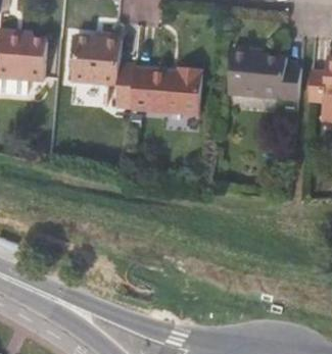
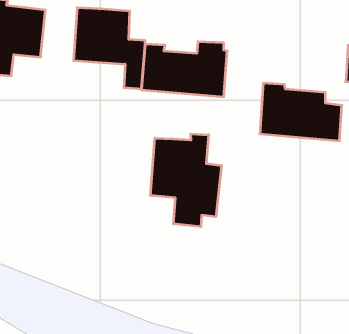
building: [228,50,299,100] -> [260,83,342,141]
building: none -> [150,134,221,227]

